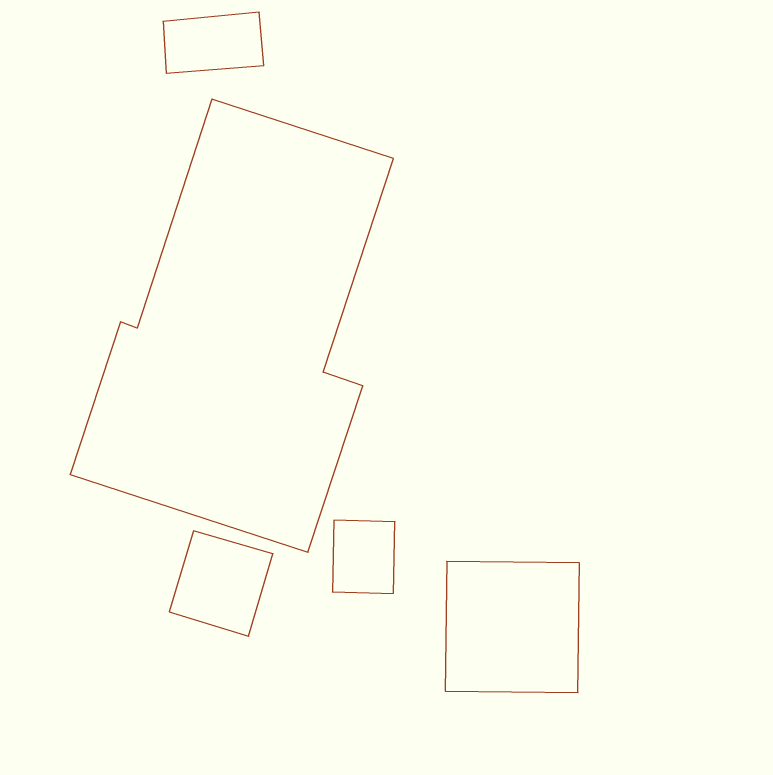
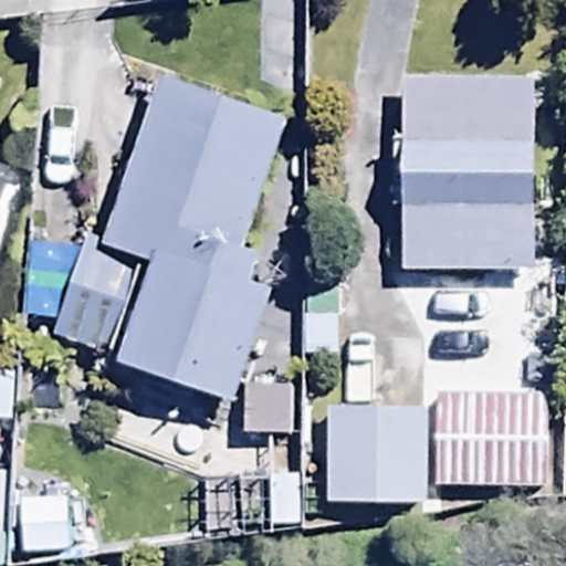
building: none -> [401,74,534,266]
building: none -> [436,391,548,486]

